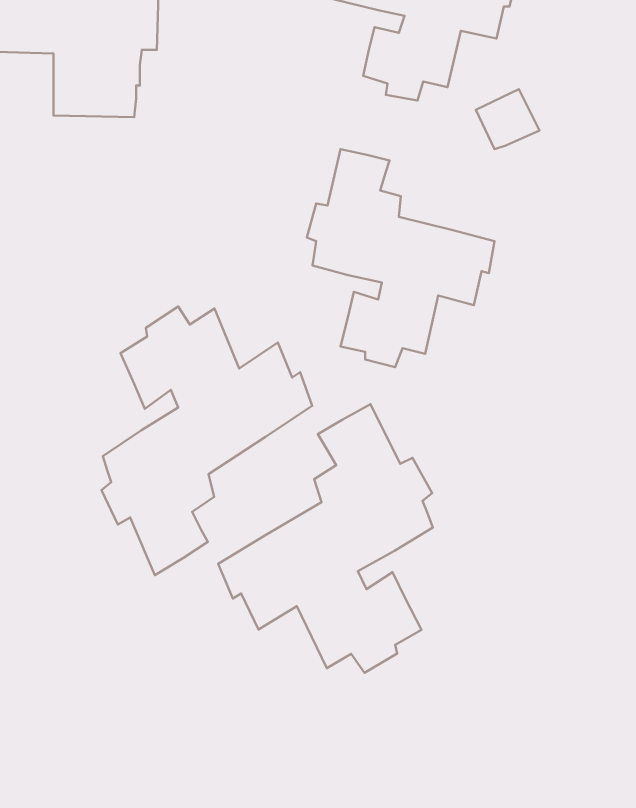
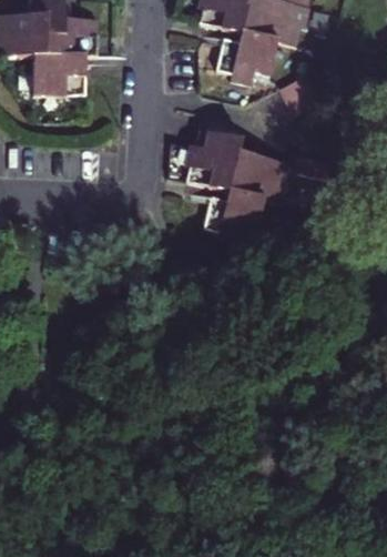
building: [101,307,312,575] -> none
building: [218,404,433,673] -> none

